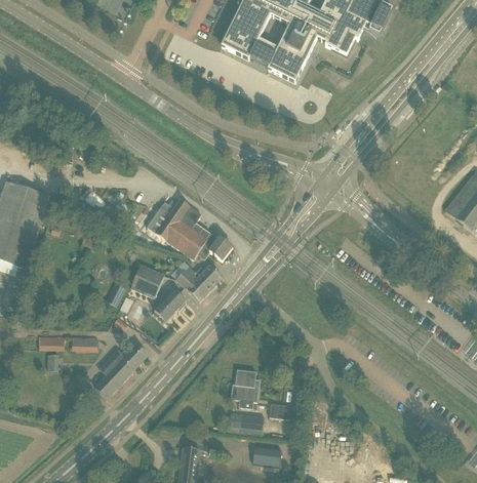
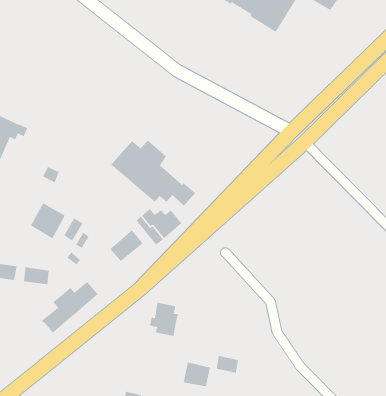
building: [130,264,164,298] -> [30,203,66,239]
building: [231,369,259,401] -> [149,302,179,336]

